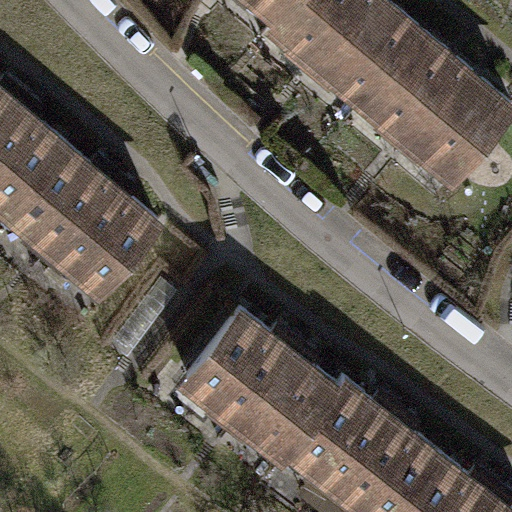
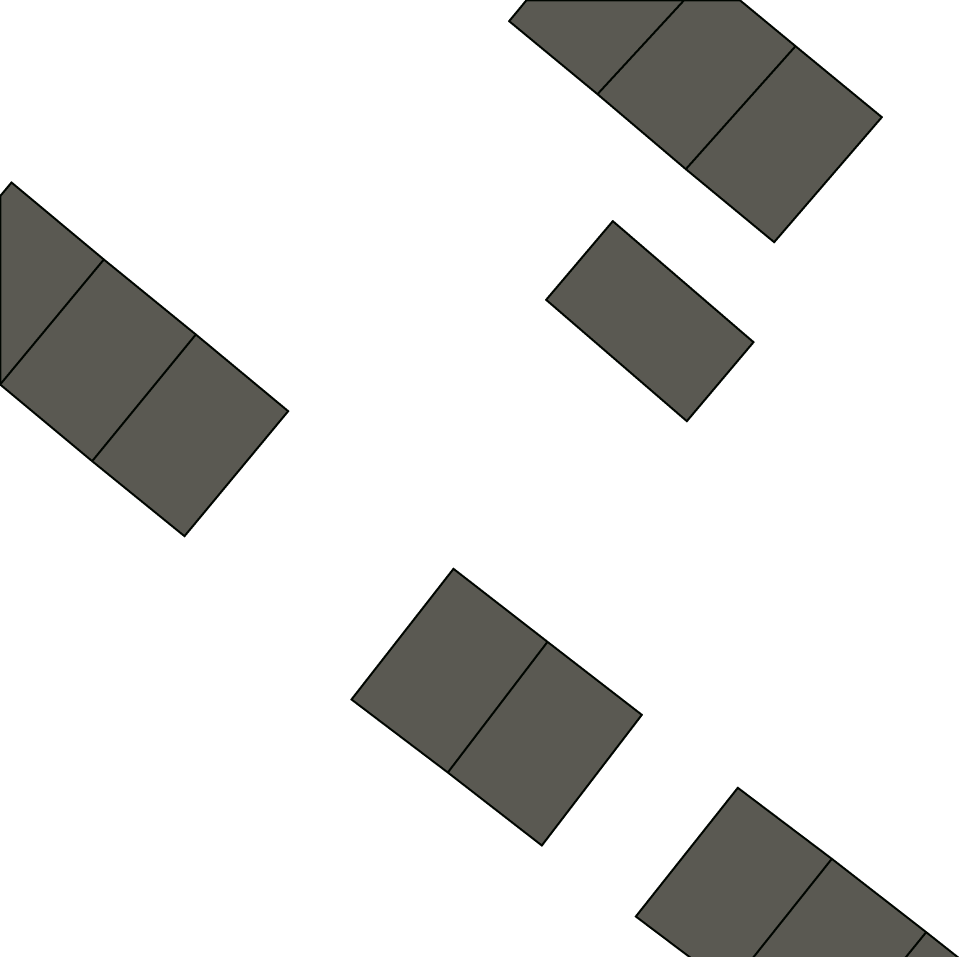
building: [405,74,506,178] -> none
building: none -> [546,221,754,421]
building: [284,385,386,490] -> none

